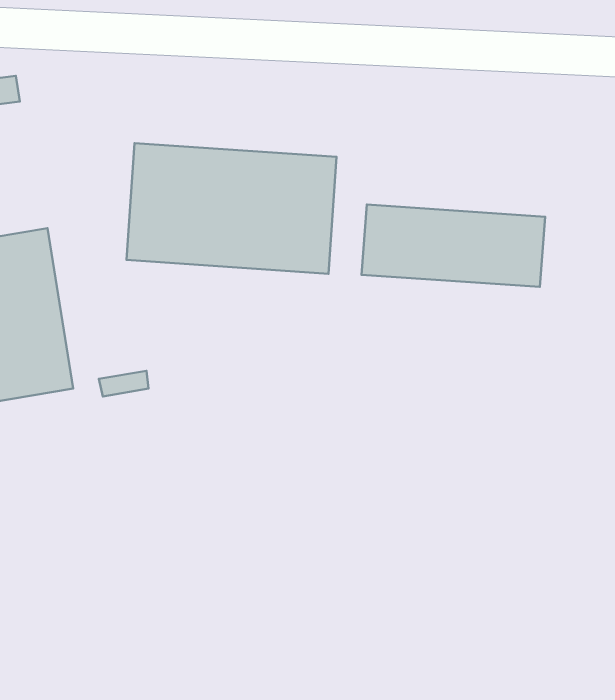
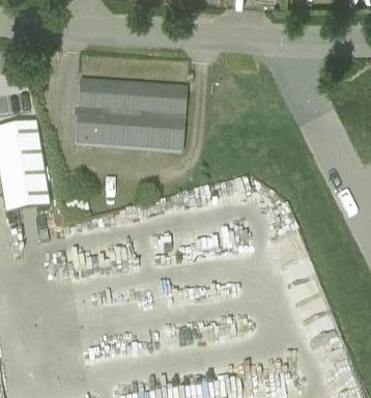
building: [361,205,545,287] -> none

